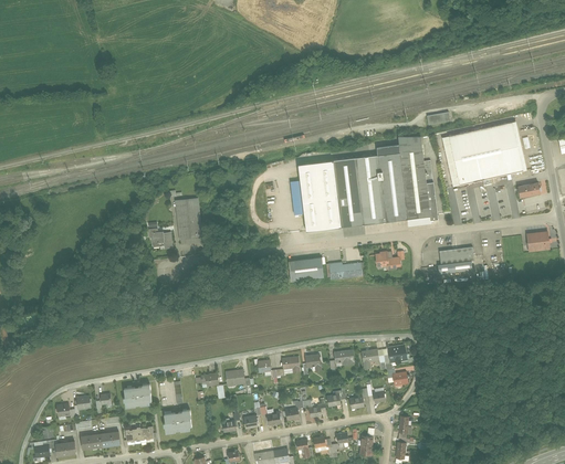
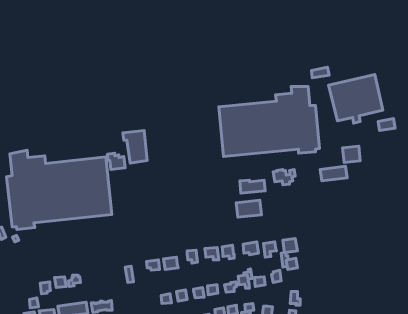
building: none -> [7,150,112,230]
building: [525,230,550,252] -> [342,146,360,162]
building: [290,260,324,283] -> [236,200,261,217]
building: [124,386,151,409] -> none
building: [164,410,191,433] -> none

